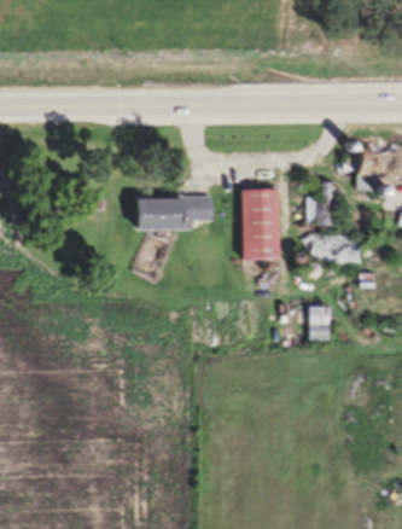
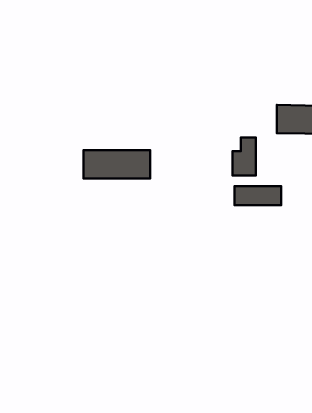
building: [241,190,279,262] -> none
building: [308,307,330,341] -> none

